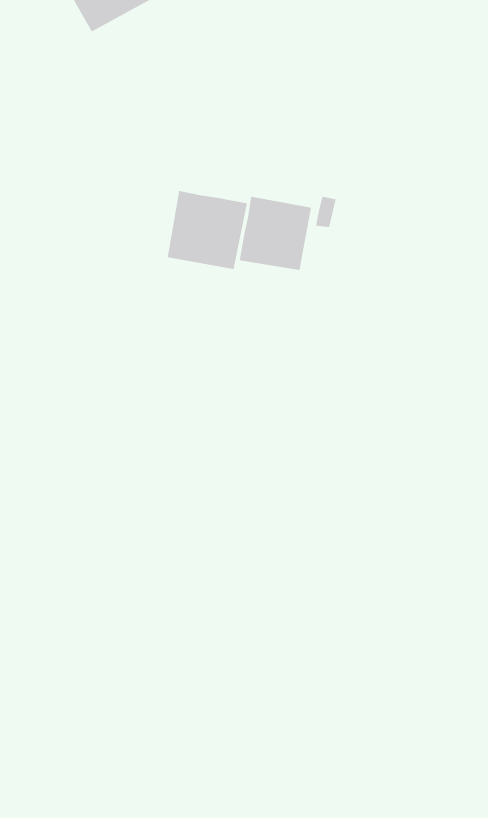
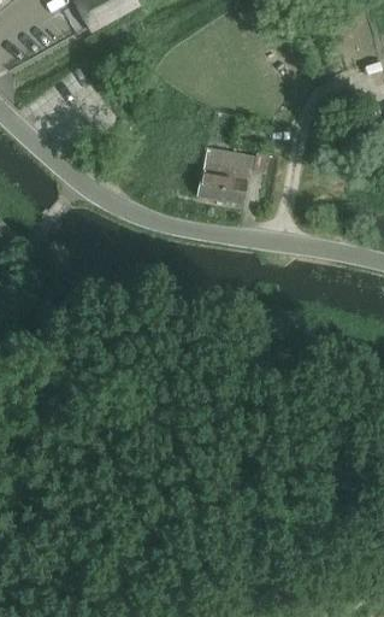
building: [167,190,247,270] -> none

